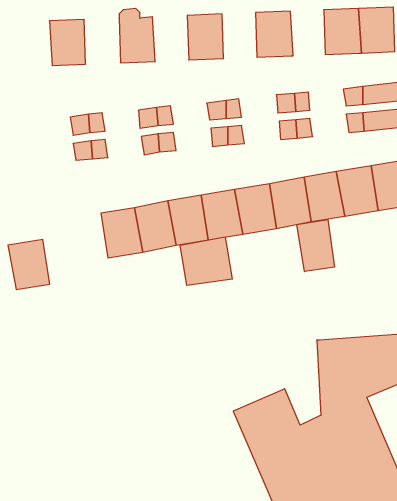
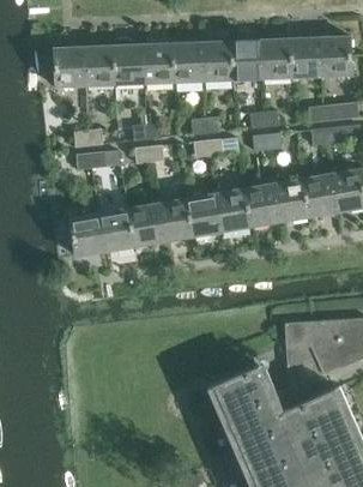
building: none -> [262,40,292,79]
building: none -> [204,42,234,82]
building: none -> [144,44,175,84]
building: none -> [85,47,116,86]
building: [297,220,334,272] -> none
building: [180,237,232,285] -> none
building: [8,239,50,290] -> [69,215,105,258]

